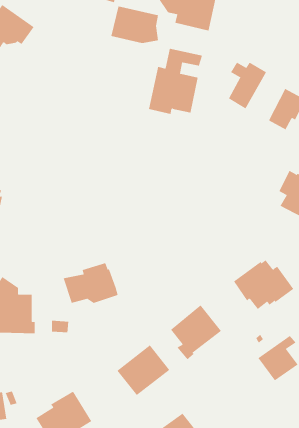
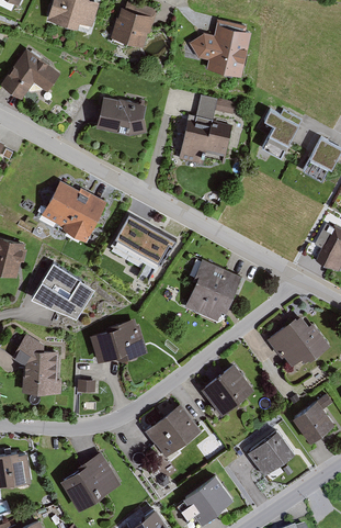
building: [111,6,159,44] -> [95,96,146,135]
building: none -> [41,180,106,241]
building: none -> [114,221,177,271]
building: none -> [184,259,241,321]
building: none -> [30,262,94,318]
building: none -> [247,430,294,476]

